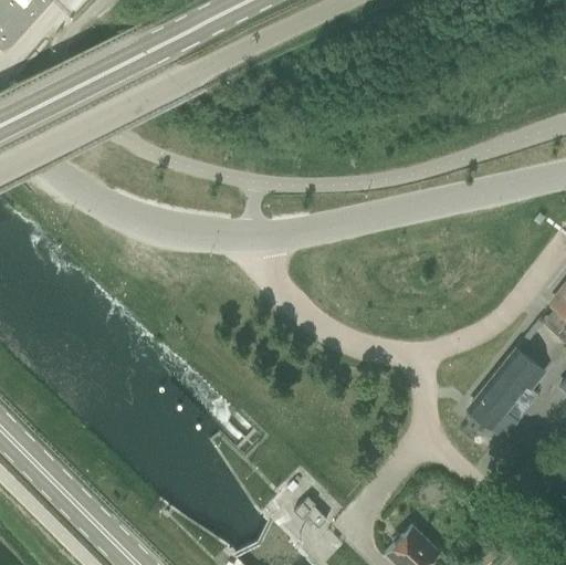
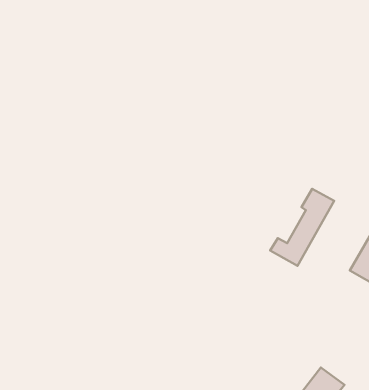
building: none -> [270,189,334,266]

